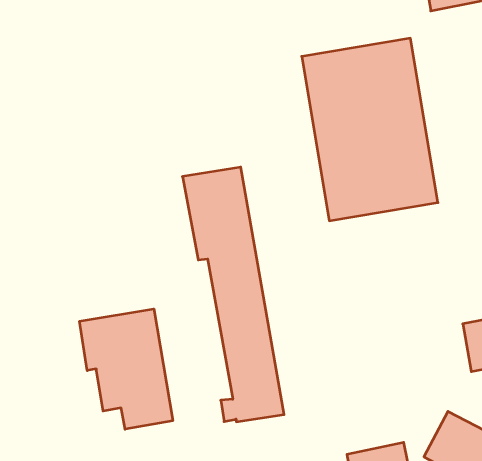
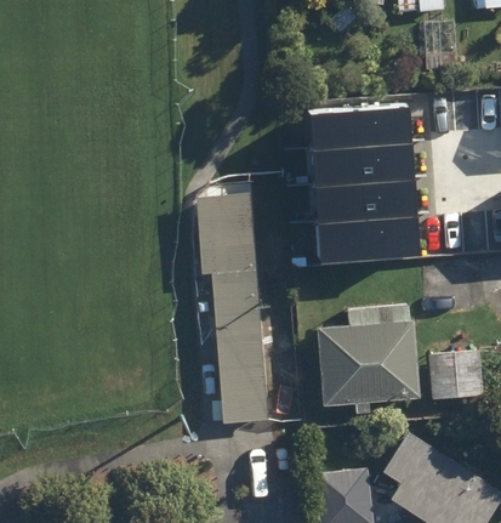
building: none -> [319,307,422,414]
building: [80,309,173,429] -> none

